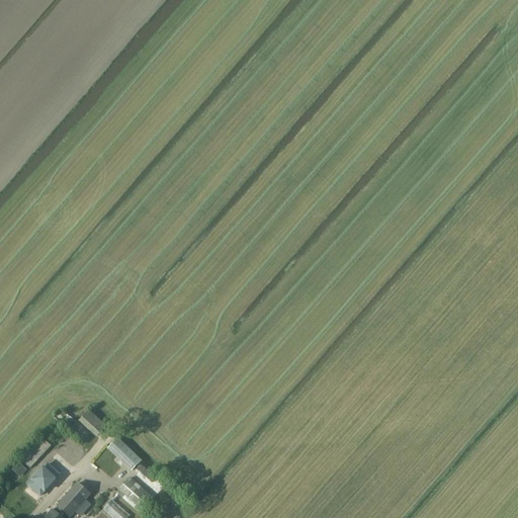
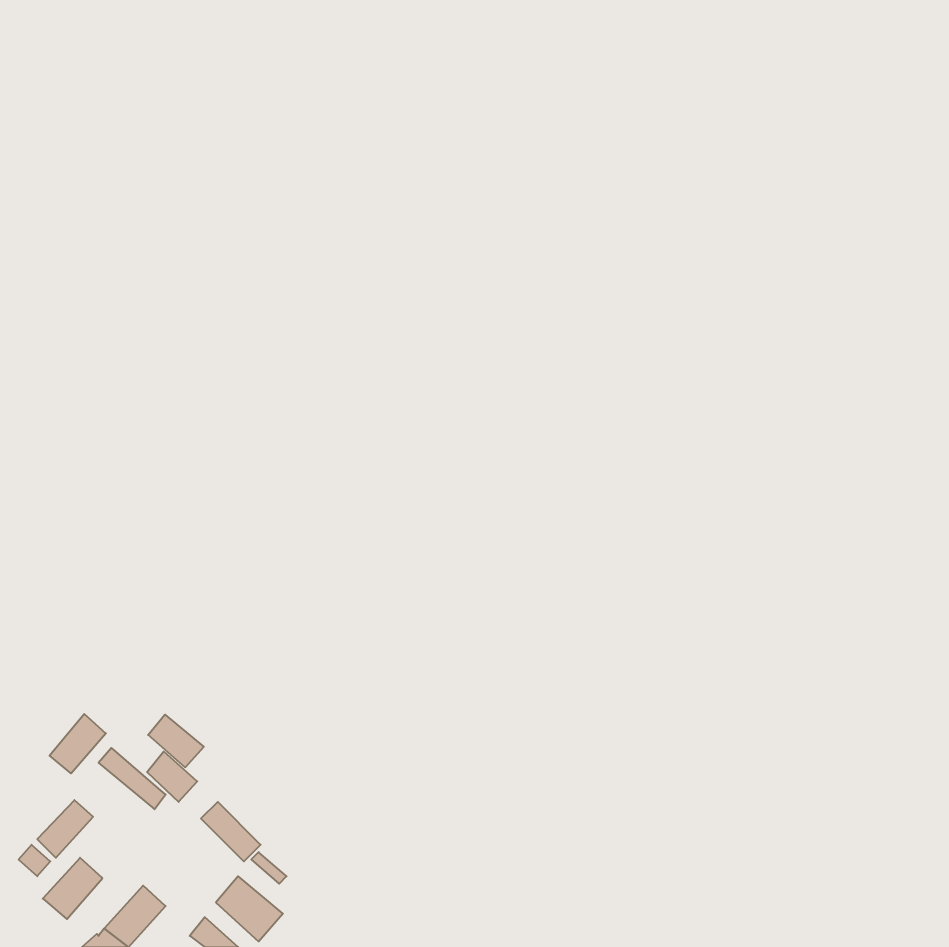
building: none -> [50,714,106,773]
building: none -> [148,715,204,767]

